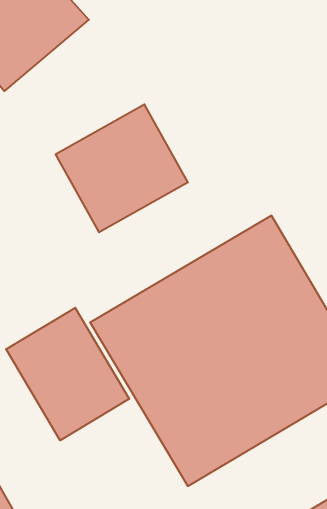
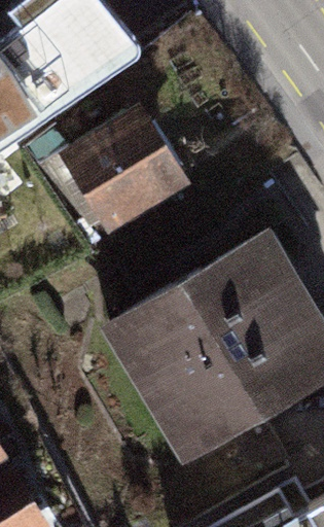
building: [6,308,129,440] -> none

